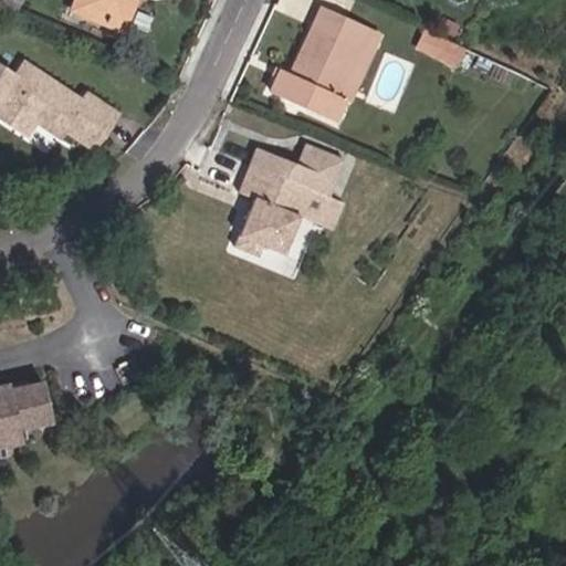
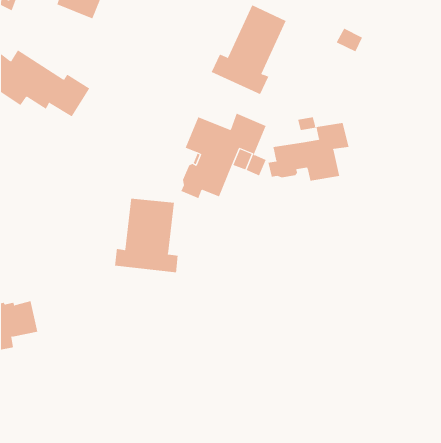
building: none -> [268,116,349,181]
building: none -> [115,198,178,273]

